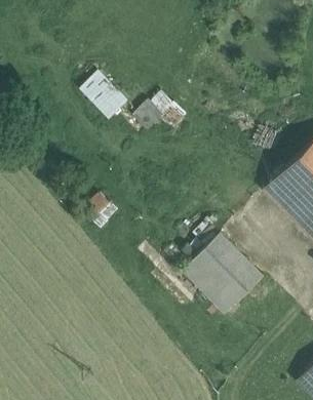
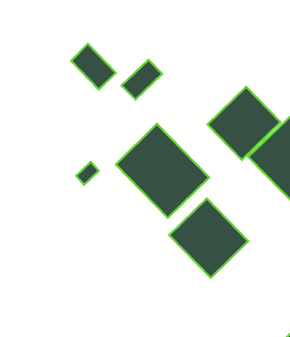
building: none -> [208,87,280,160]
building: none -> [116,124,209,218]

